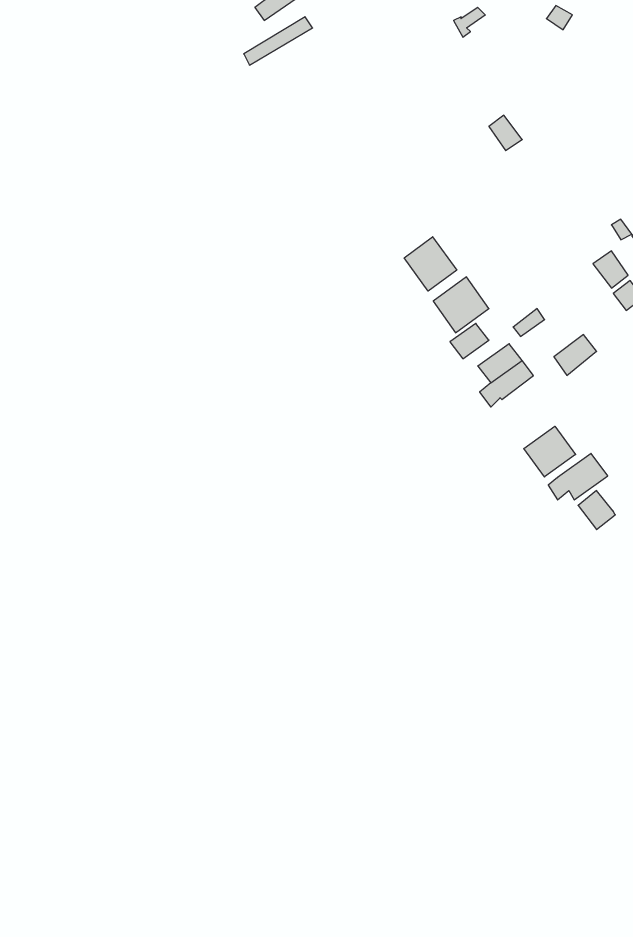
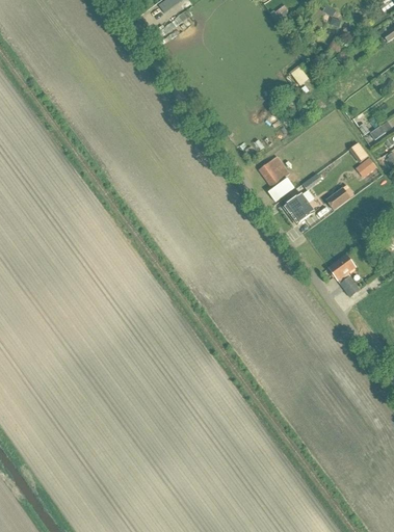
building: [404,237,457,291] -> none
building: [524,426,576,477] -> none

